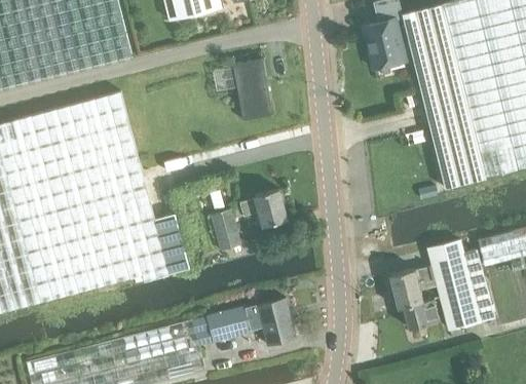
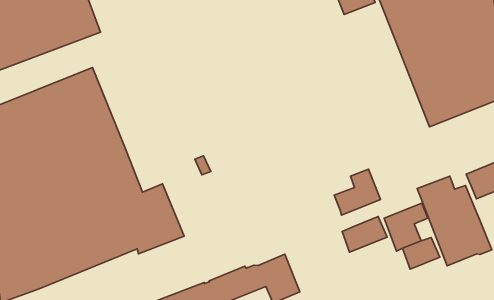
building: [232,60,272,121] -> none
building: [211,188,289,252] -> none
building: none -> [334,169,380,215]
building: none -> [342,216,387,252]

